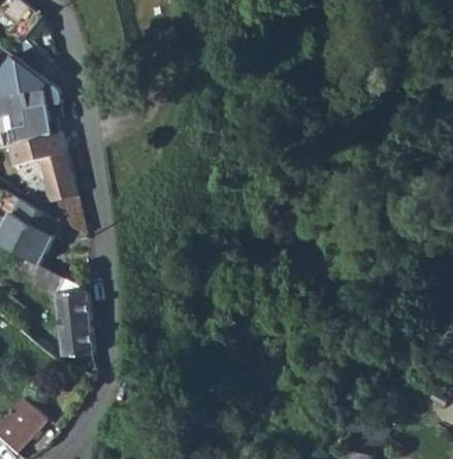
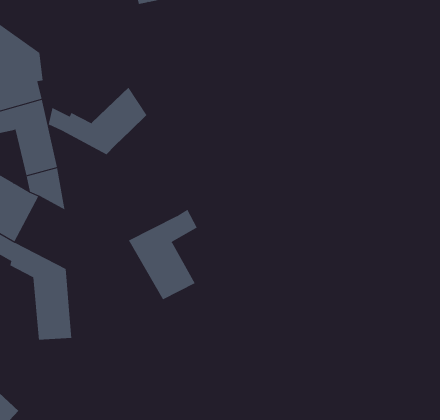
building: none -> [48,87,147,155]
building: none -> [128,209,197,300]

